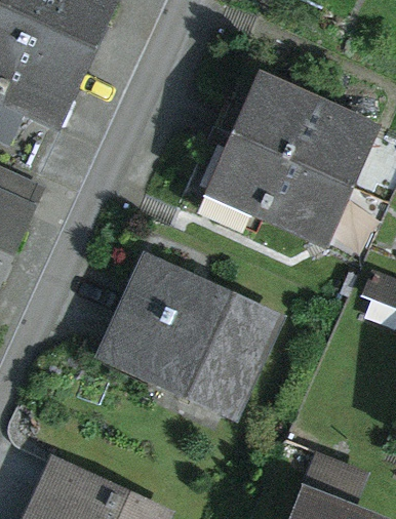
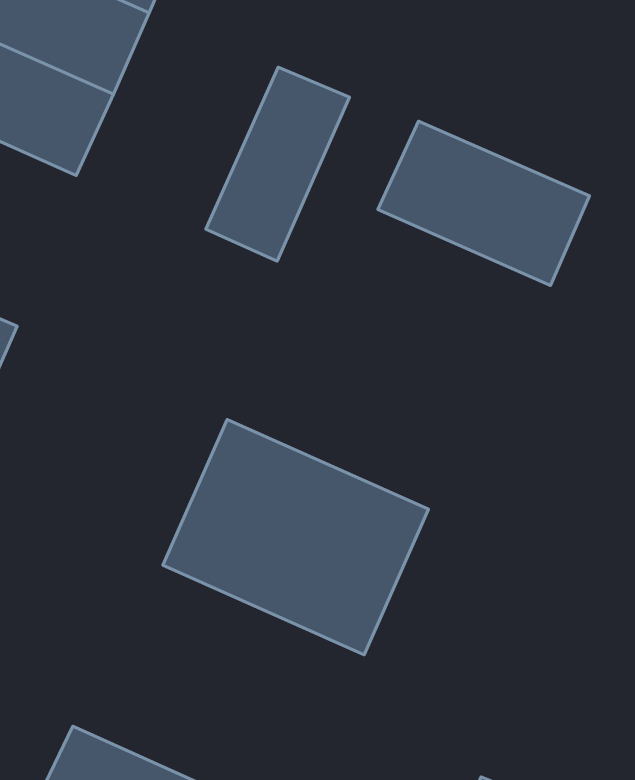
building: none -> [206,67,350,261]
building: [215,142,344,242] -> none

